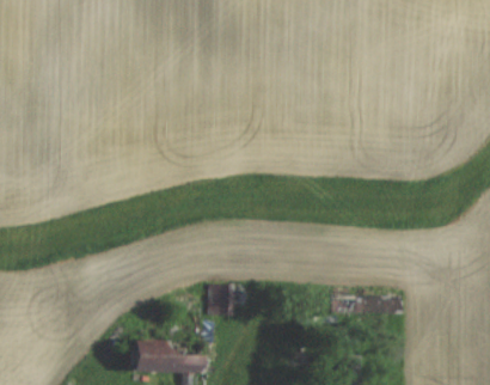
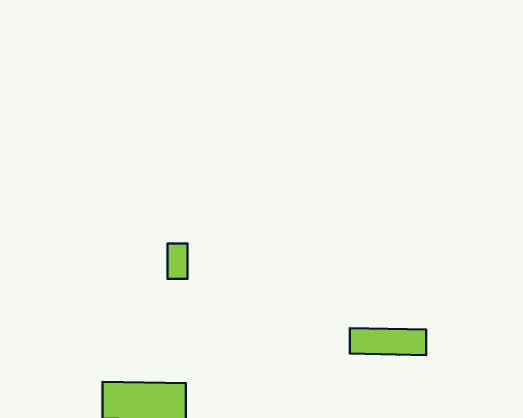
building: [212,283,228,313] -> [168,243,187,279]

